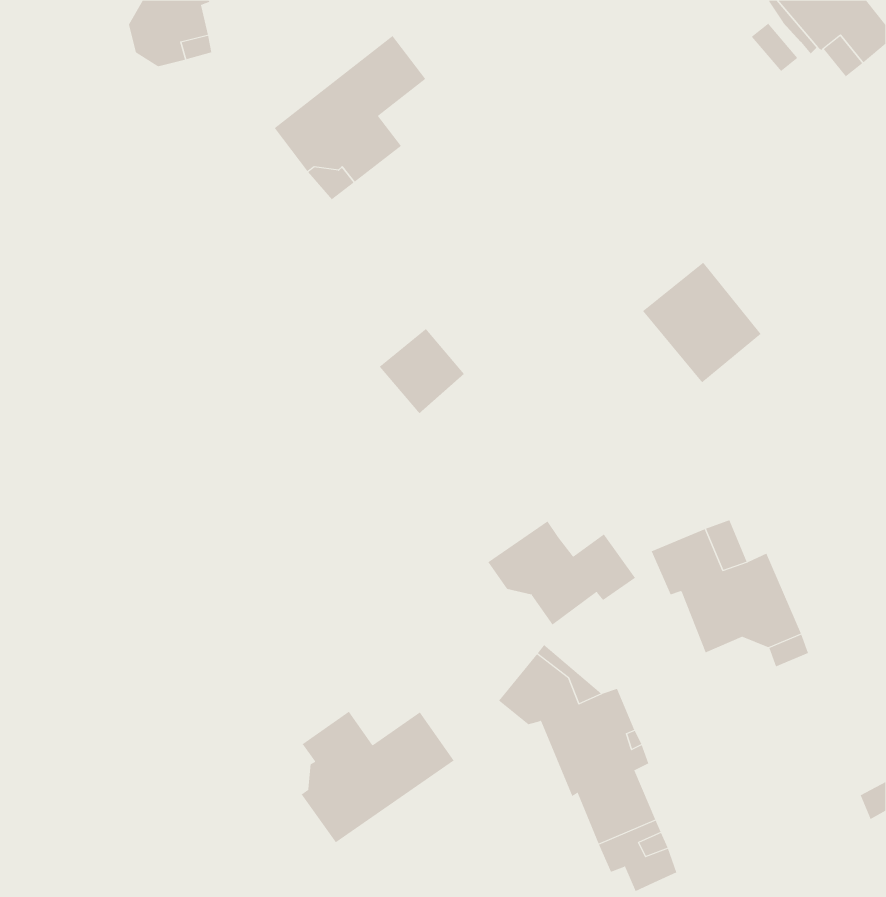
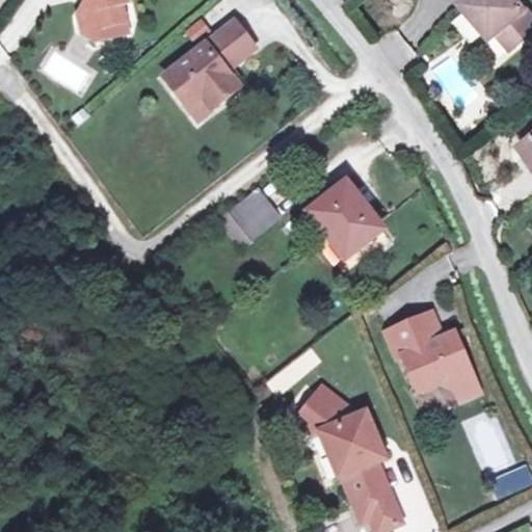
building: [642,262,761,383] -> [305,186,376,258]
building: [488,520,636,626] -> none
building: [301,711,455,843] -> none

